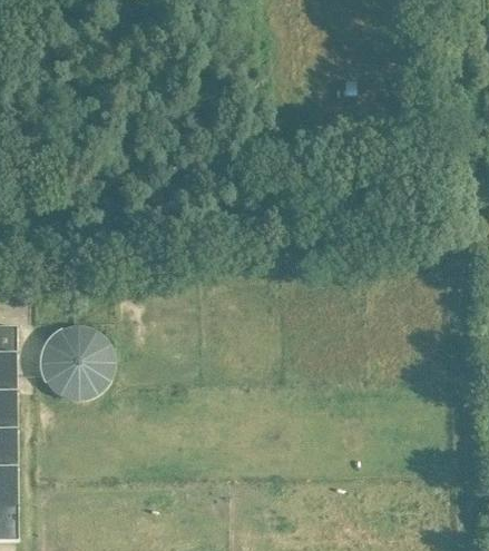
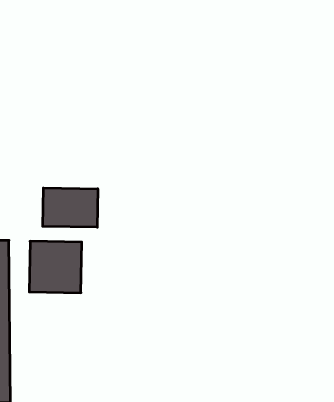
building: none -> [43,188,98,227]

